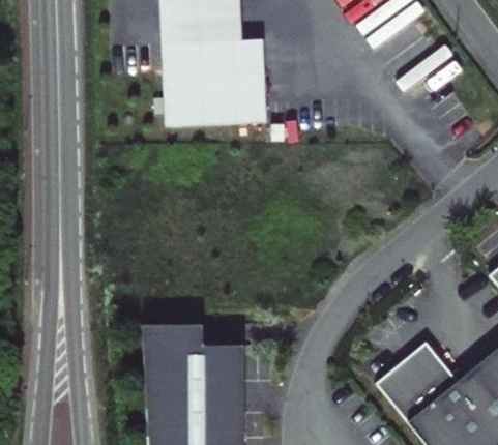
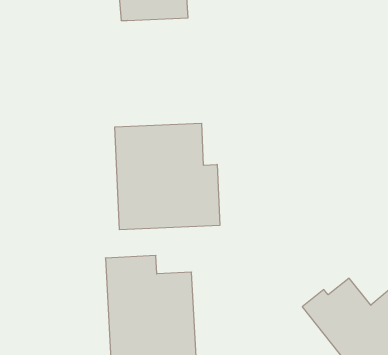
building: [168,39,265,126] -> none
building: none -> [115,123,220,230]

